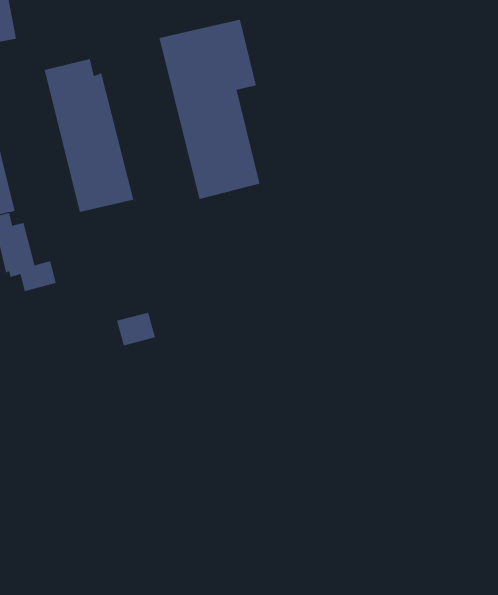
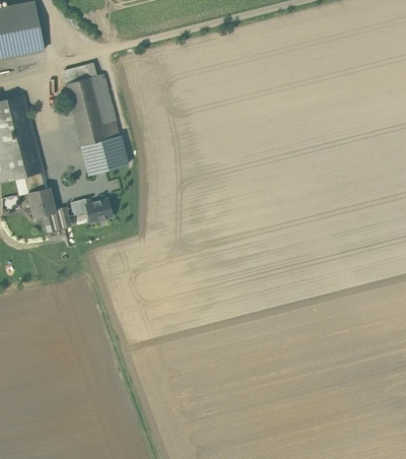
building: [159,19,260,200] -> none
building: [116,312,156,346] -> [84,198,113,222]

